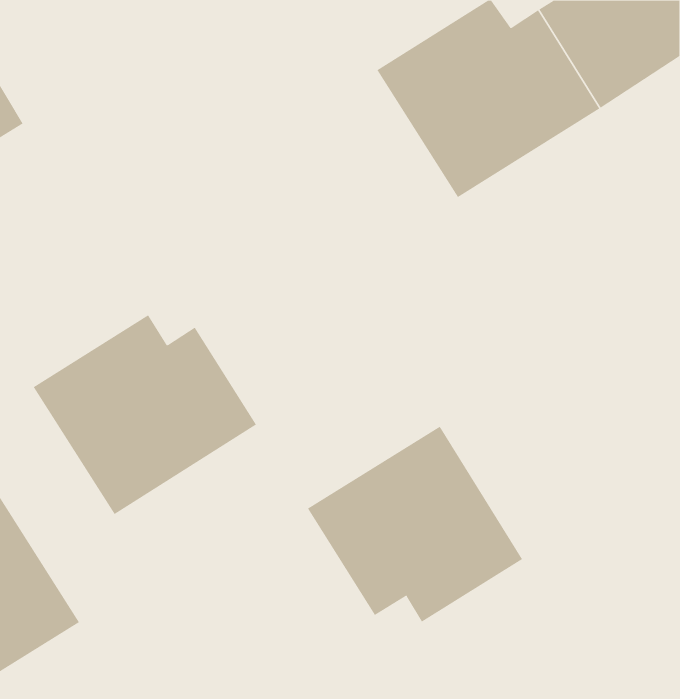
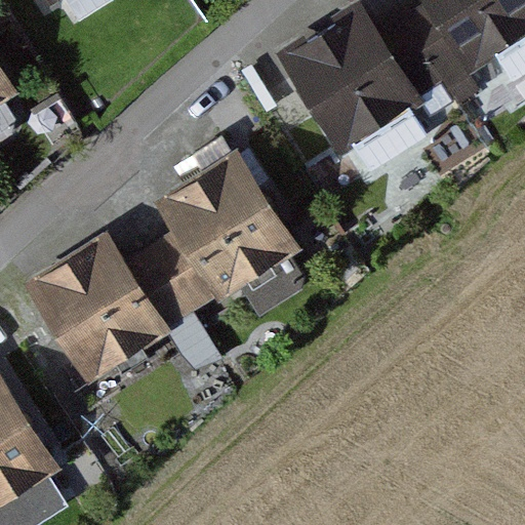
building: none -> [146,156,300,319]
building: [307,426,523,623] -> none

